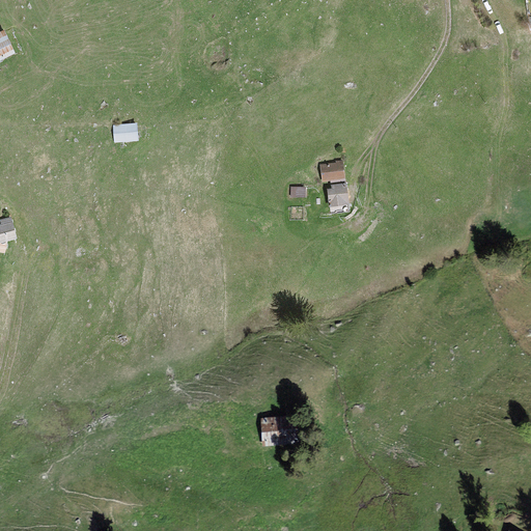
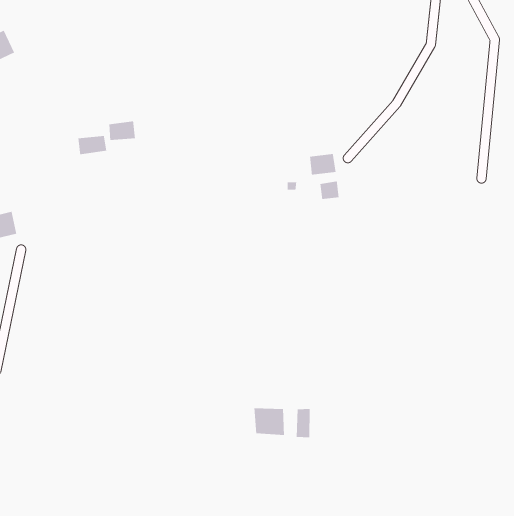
building: none -> [78,135,107,155]
building: none -> [296,408,311,438]

